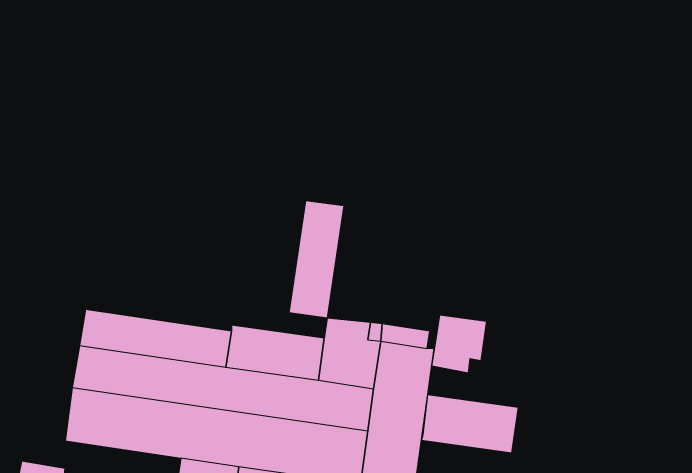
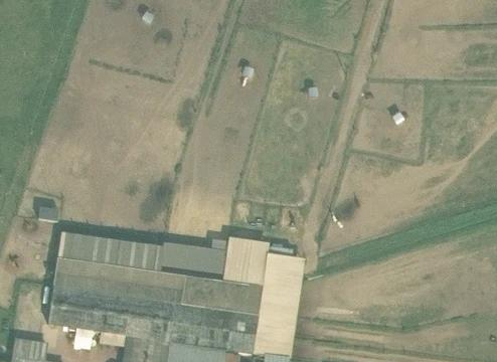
building: [289,200,344,318] -> none
building: [432,315,486,373] -> none
building: [421,395,518,453] -> none

